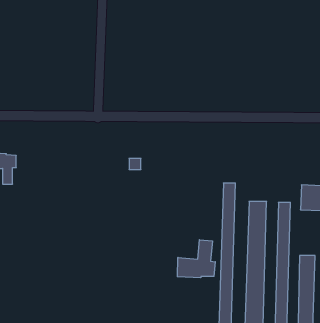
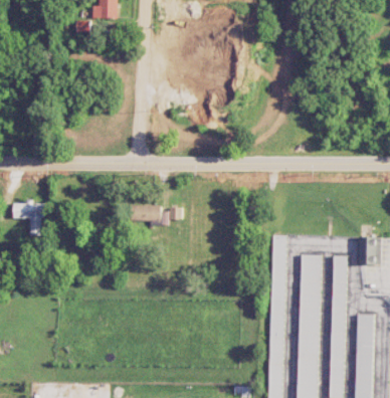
building: none -> [131,205,162,225]
building: [177,240,215,278] -> none

